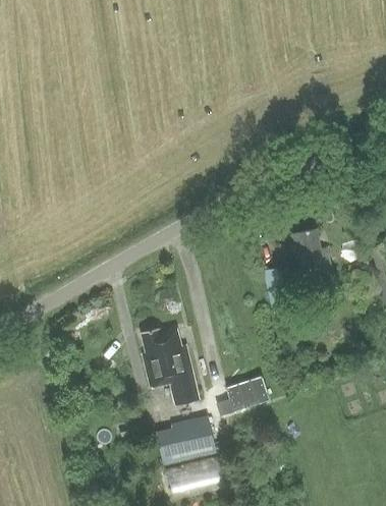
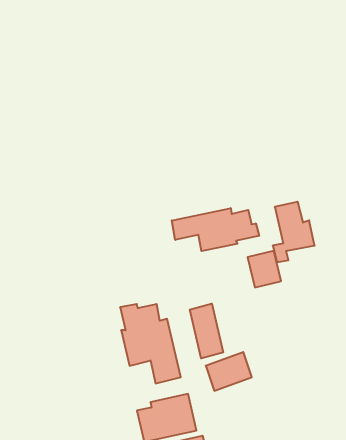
building: none -> [172,208,259,251]
building: none -> [190,304,223,358]

